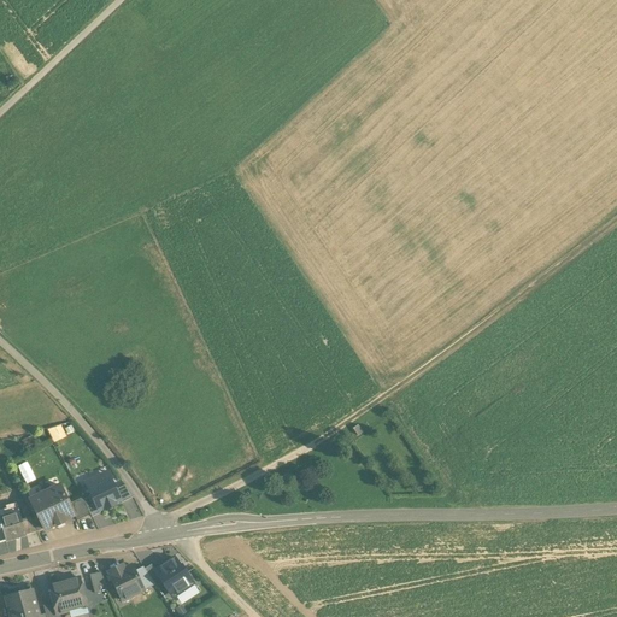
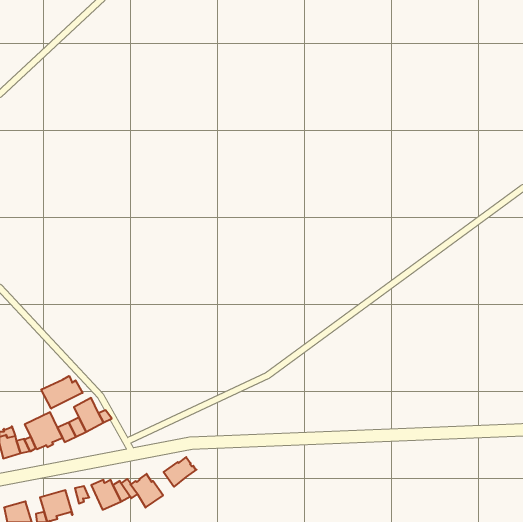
building: none -> [41,376,83,409]
building: none -> [164,457,197,487]

